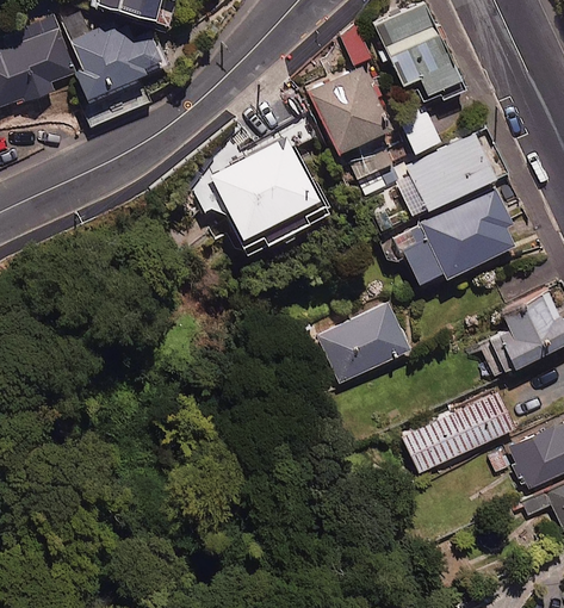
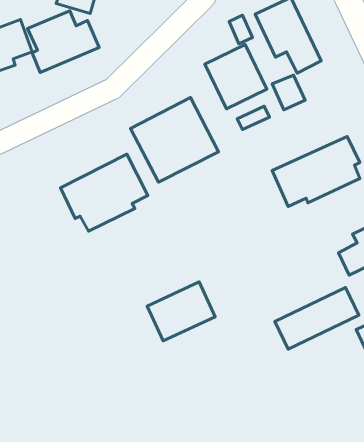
building: [407,134,494,209] -> none
building: none -> [60,154,148,231]
building: [318,302,409,380] -> [147,282,215,341]

